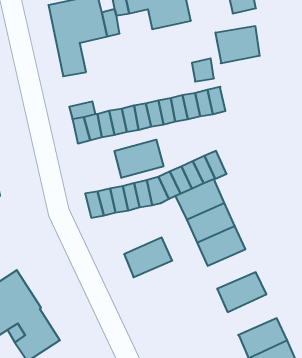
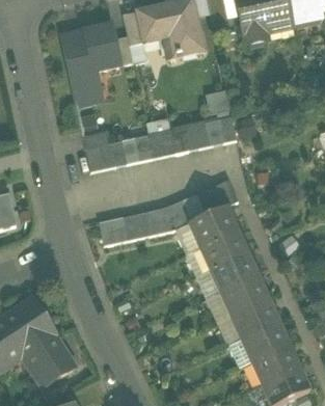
building: [216,26,260,63] -> none
building: [114,140,163,178] -> none
building: [124,237,172,277] -> [221,276,269,316]
building: none -> [228,321,290,368]

